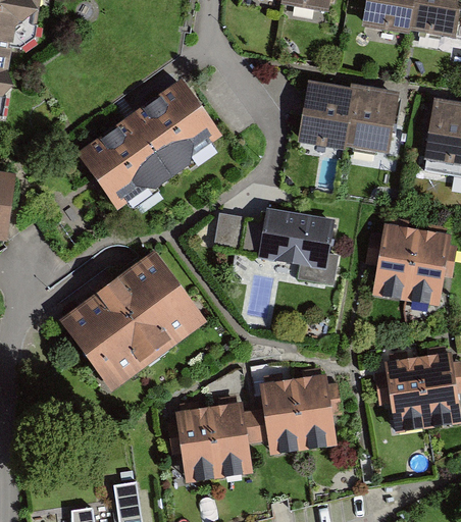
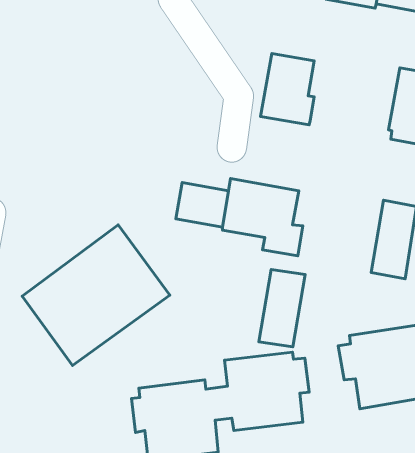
building: [79,81,222,209] -> none
building: [343,84,399,154] -> none
building: [371,220,417,297] -> [259,269,305,347]

